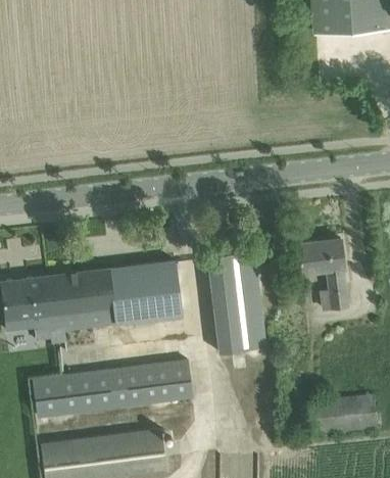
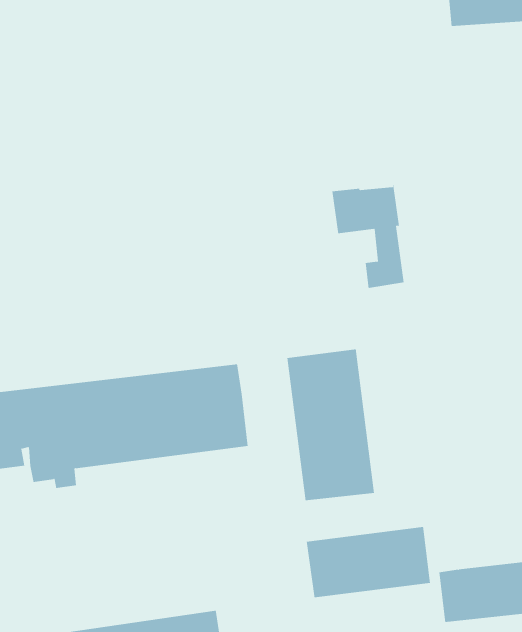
building: [298,240,347,310] -> [331,184,404,289]
building: [34,358,193,417] -> none
building: none -> [306,526,430,598]

